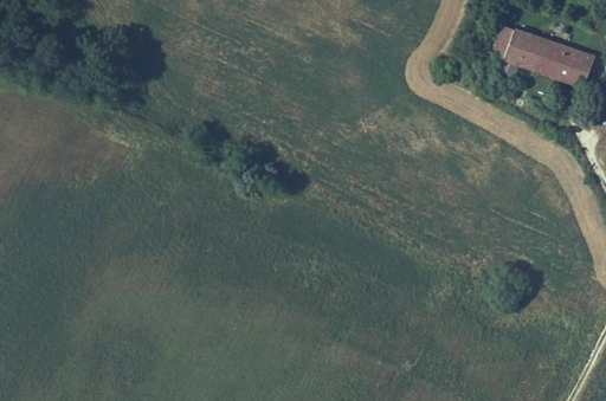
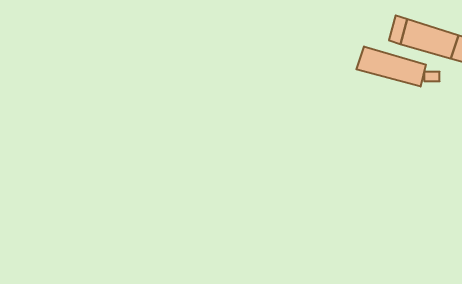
building: none -> [356,46,426,87]

